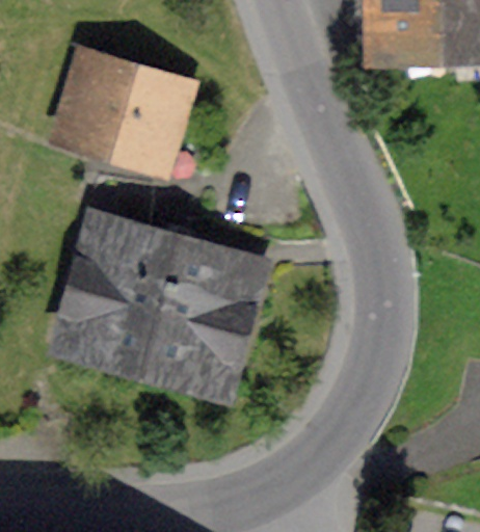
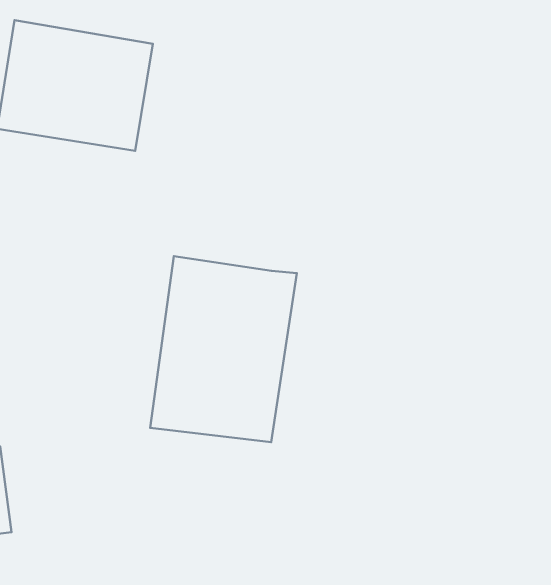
building: [50,221,170,366] -> none

